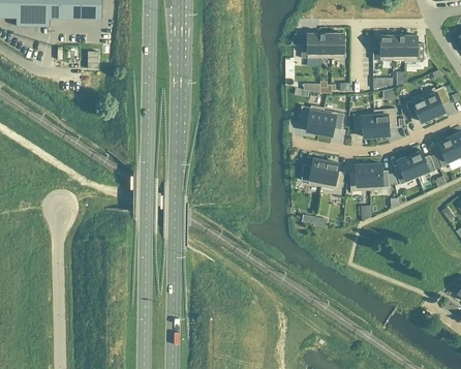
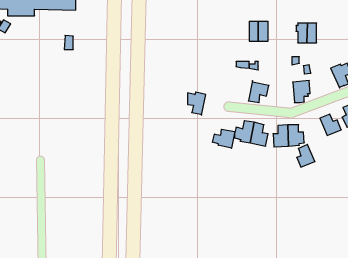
building: [301,33,319,58] -> none
building: [404,35,424,60] -> none
building: [405,92,433,122] -> none
building: [301,104,324,133] -> [188,92,206,115]
building: [352,110,376,136] -> none
building: [395,155,418,184] -> [297,144,315,167]
building: none -> [212,129,235,148]

